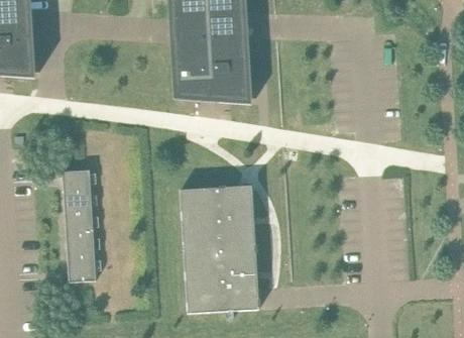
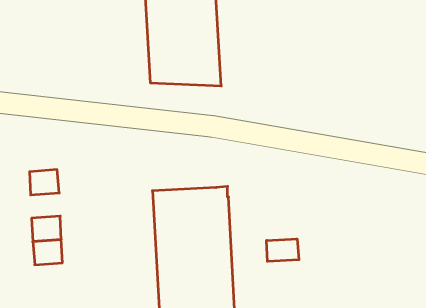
building: [65,193,93,217] -> none
building: none -> [267,239,299,261]
building: [69,259,97,284] -> none

